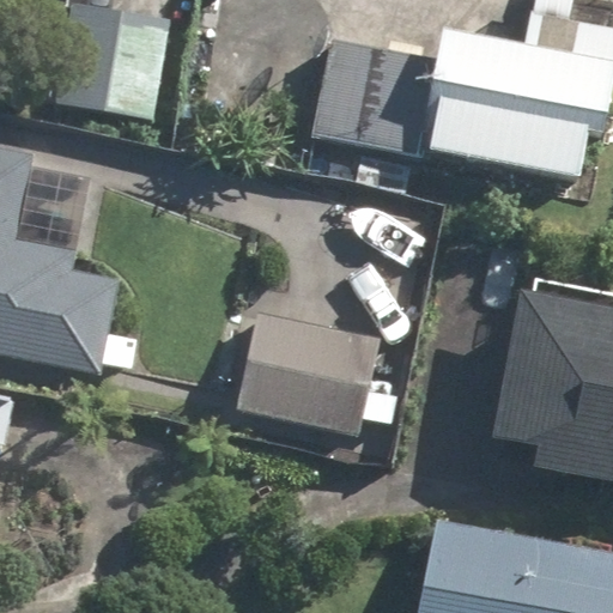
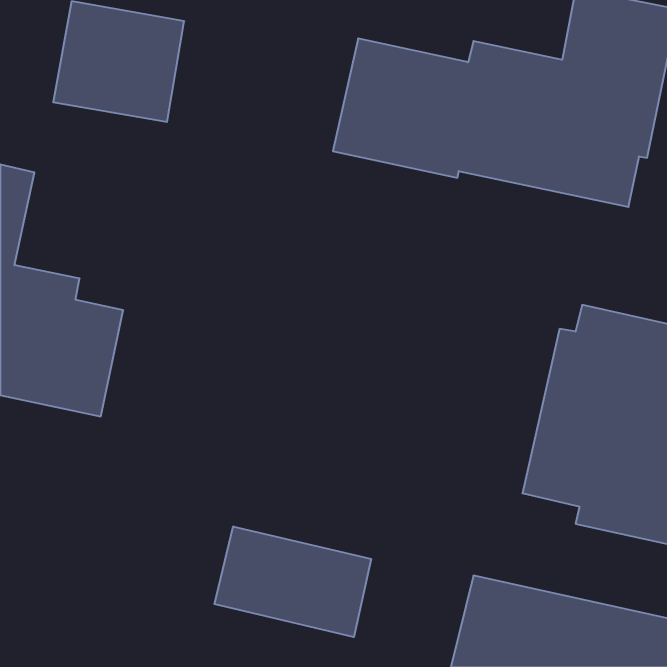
building: [238,310,382,437] -> none
building: none -> [214,526,371,637]

